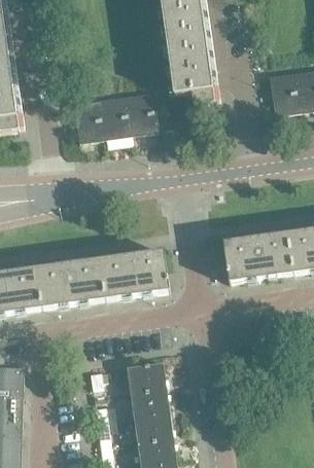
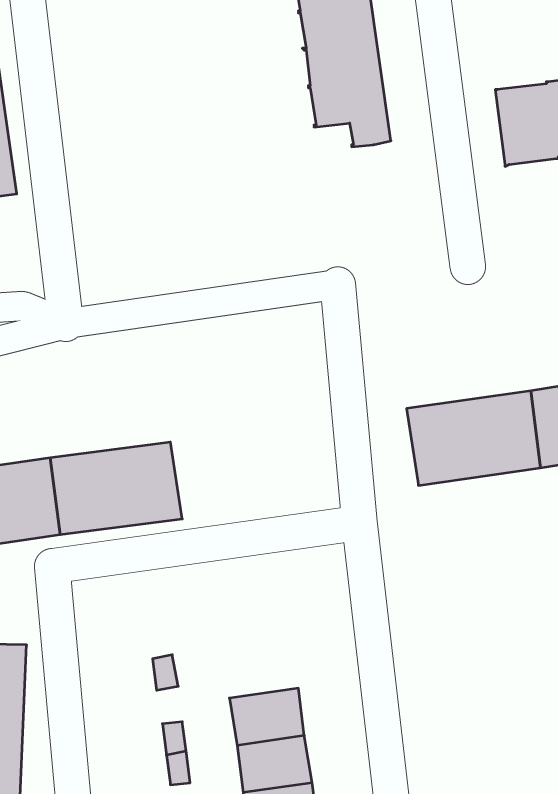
building: [72,89,158,141] -> none
building: [98,249,168,298] -> none
building: [126,361,165,392] -> none

